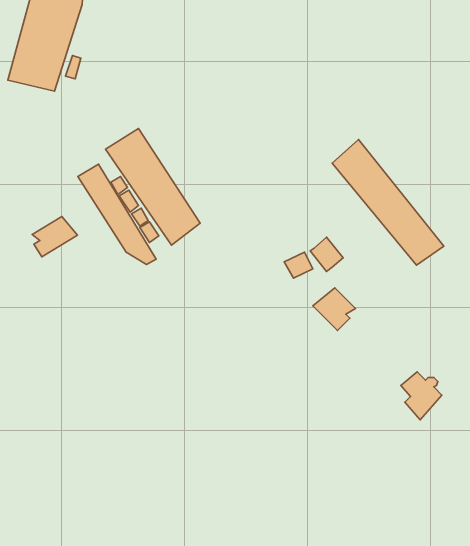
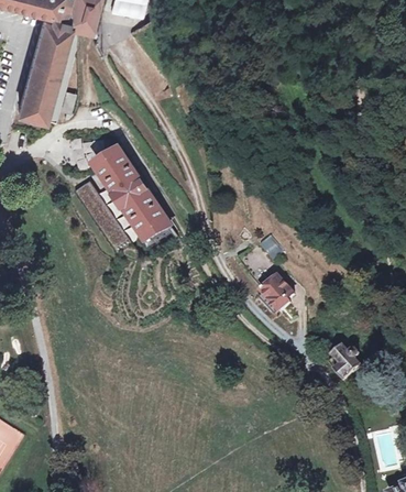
building: [332,140,444,265] -> none
building: [32,216,77,257] -> none

